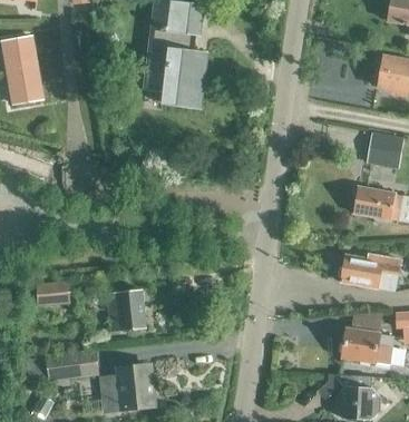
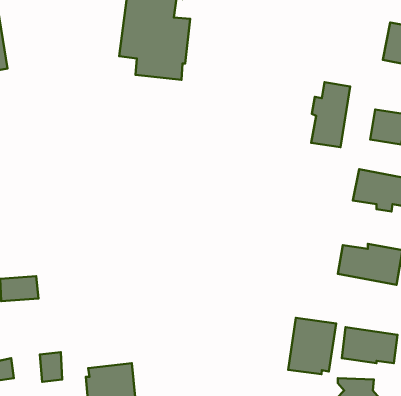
building: none -> [311,82,350,147]
building: [106,289,145,330] -> none
building: none -> [288,318,336,374]

